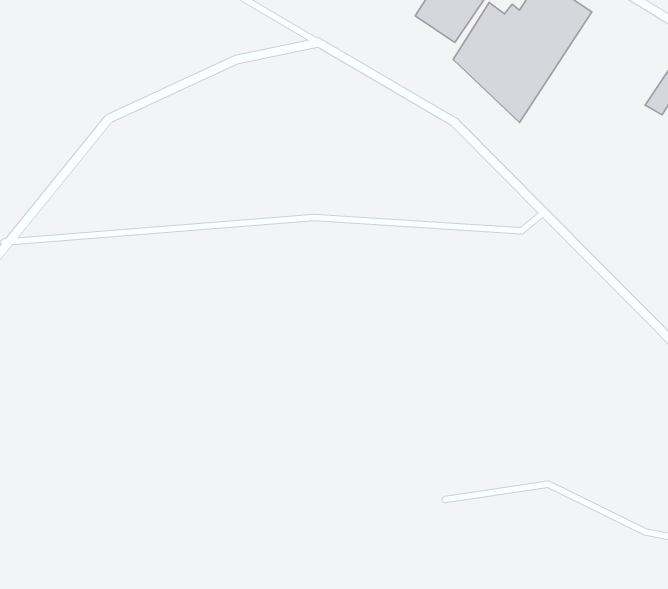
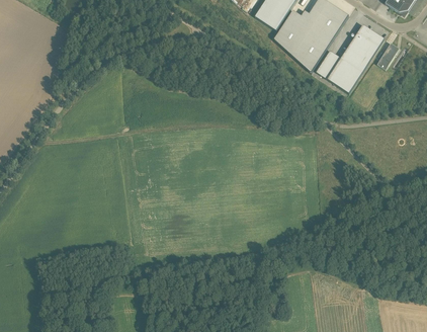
building: none -> [316,23,383,92]

